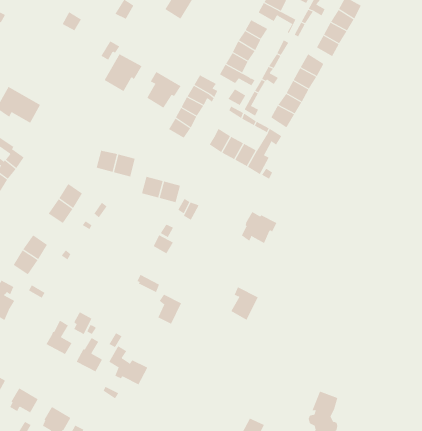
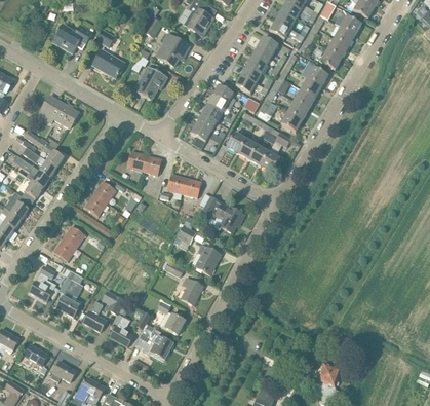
building: none -> [53,25,92,52]
building: none -> [92,49,124,76]
building: [146,71,181,108] -> [159,33,190,66]
building: [241,211,277,244] -> [212,204,244,232]
building: [230,287,258,320] -> [196,245,221,274]
building: none -> [56,281,80,317]
building: none -> [158,301,186,334]

